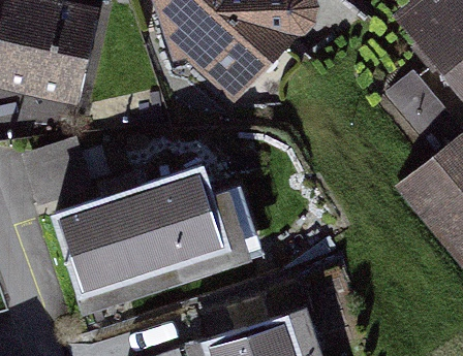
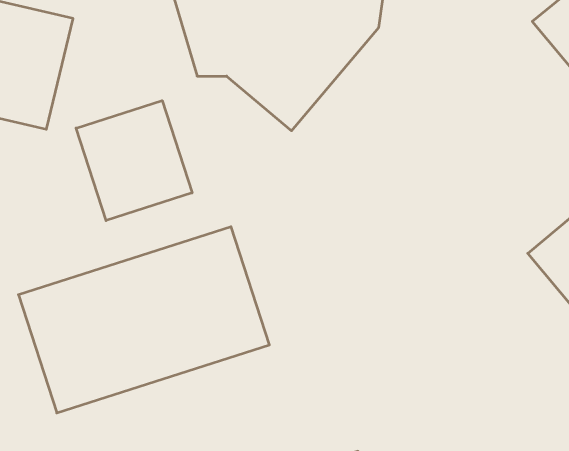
building: none -> [76,101,192,221]

